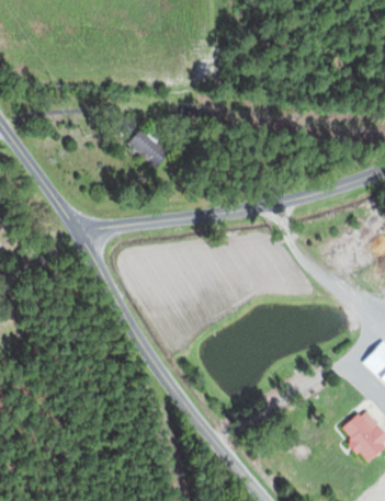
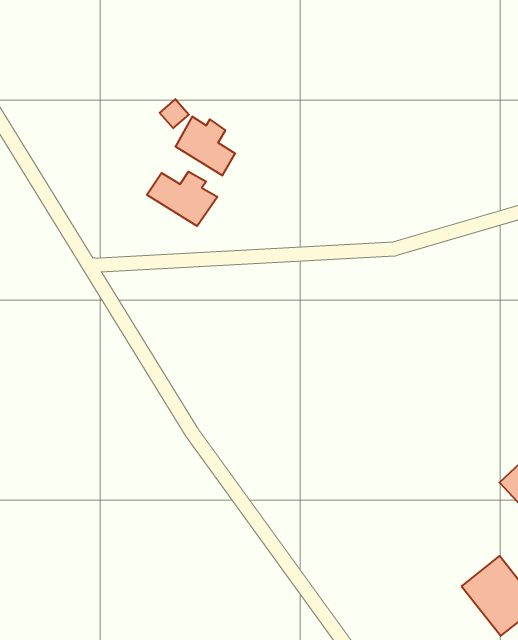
building: none -> [147,172,217,226]

